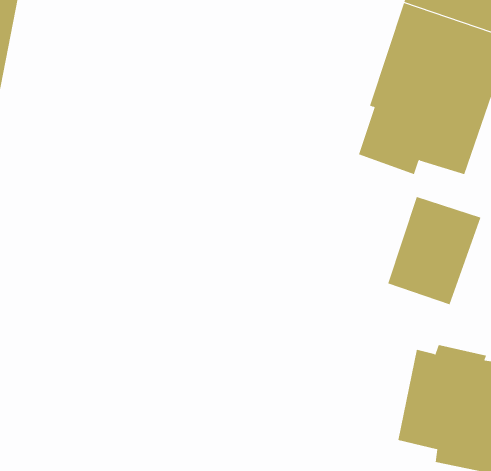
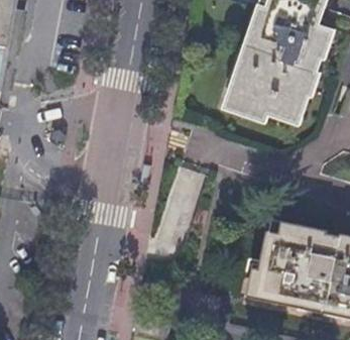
building: [387,196,481,305] -> none

